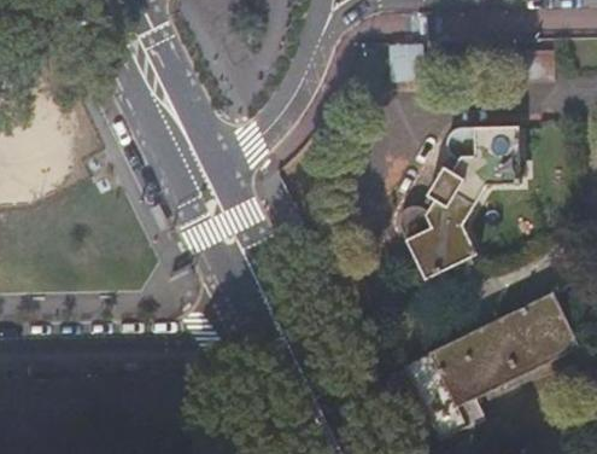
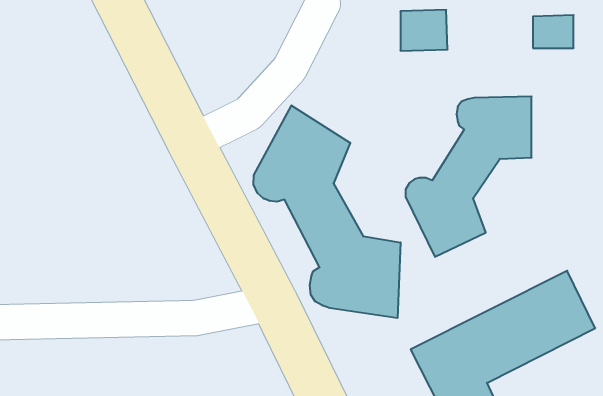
building: none -> [253,105,401,318]

